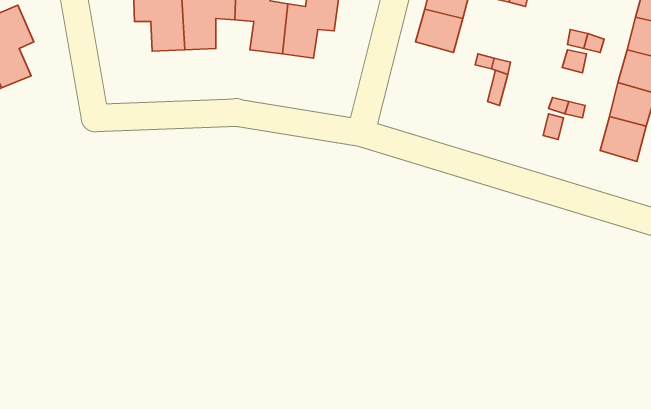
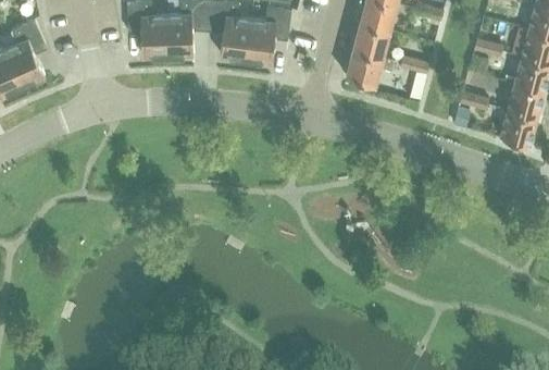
building: none -> [345,48,394,84]

